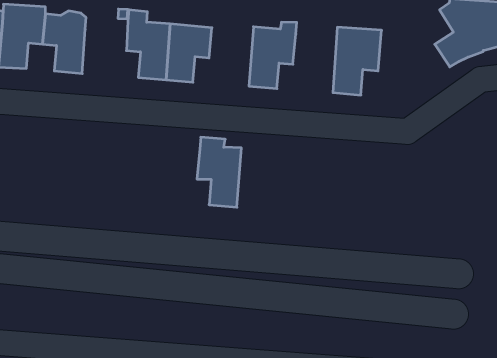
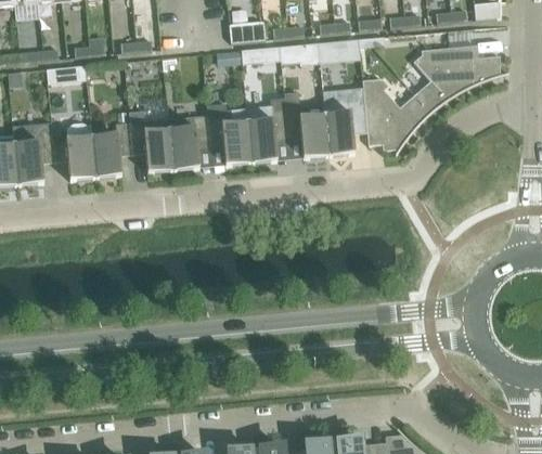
building: none -> [362,78,431,155]
building: none -> [91,122,132,178]
building: none -> [285,104,328,158]
building: [197,137,241,207] -> [206,102,250,165]

